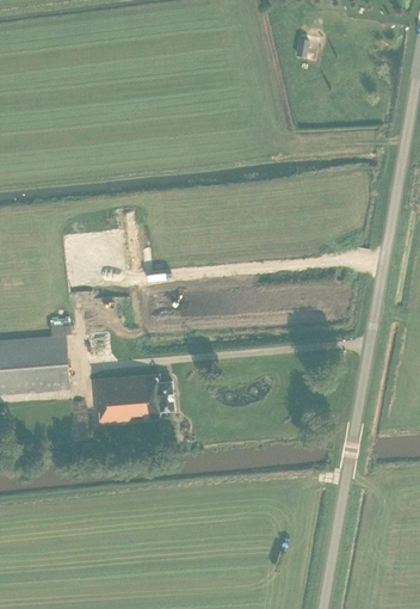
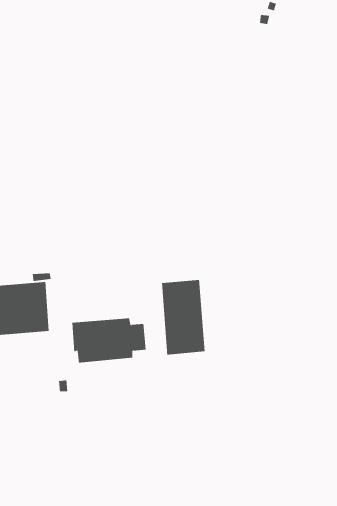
building: none -> [161,279,205,356]

